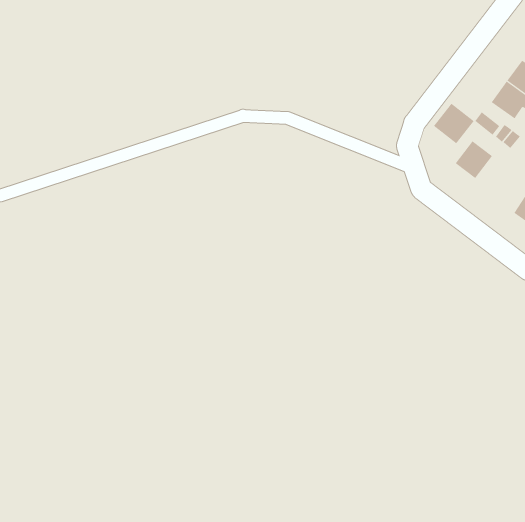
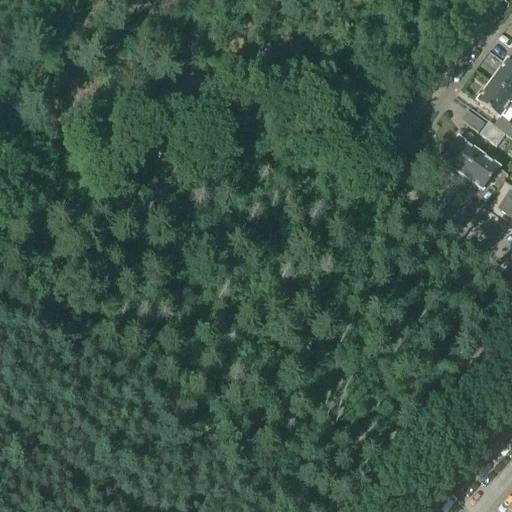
building: [433,103,474,144] -> none
building: none -> [463,151,501,188]

